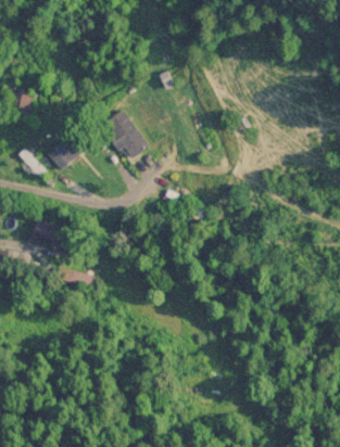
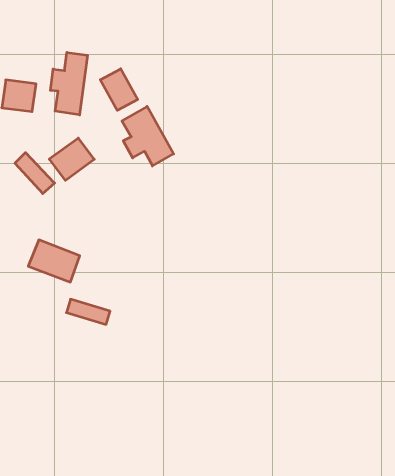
building: none -> [50,52,87,115]
building: none -> [100,69,138,110]

